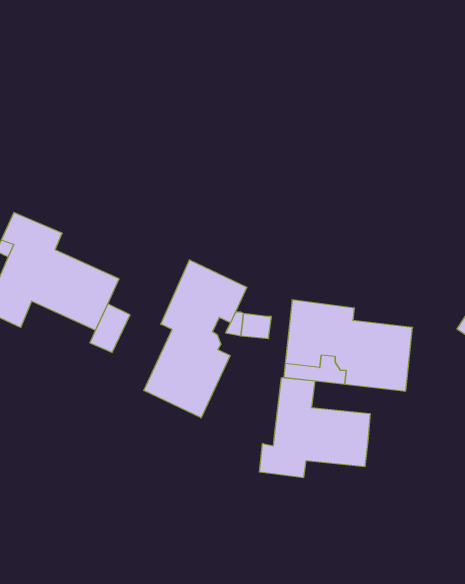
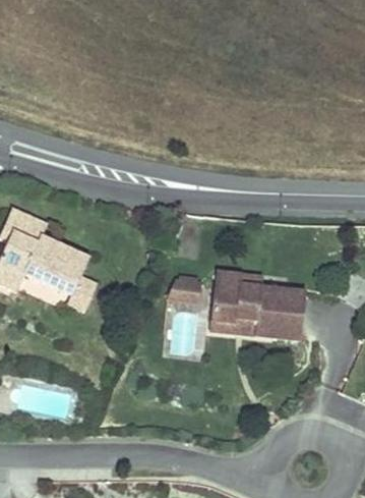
building: [144,260,247,418] -> none
building: [259,378,370,478] -> none

